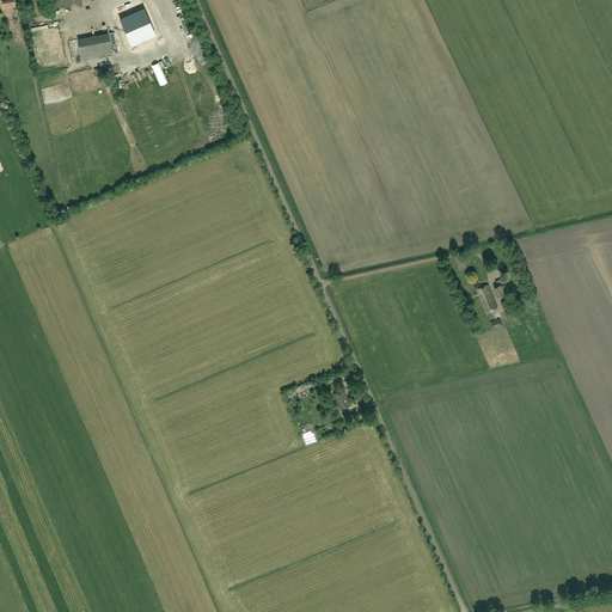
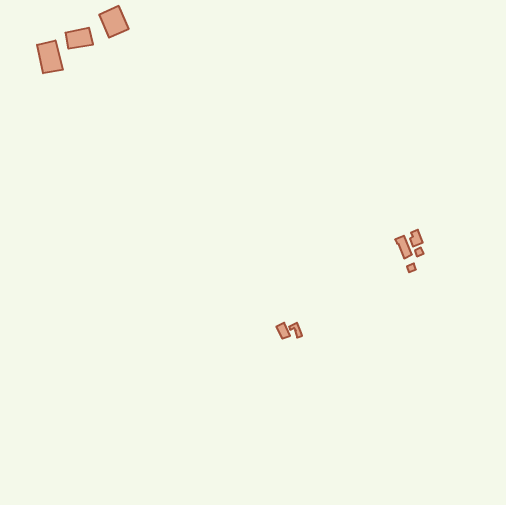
building: none -> [37,40,63,73]

